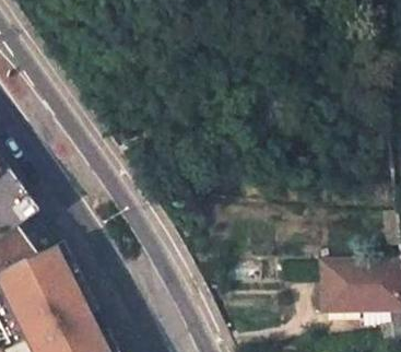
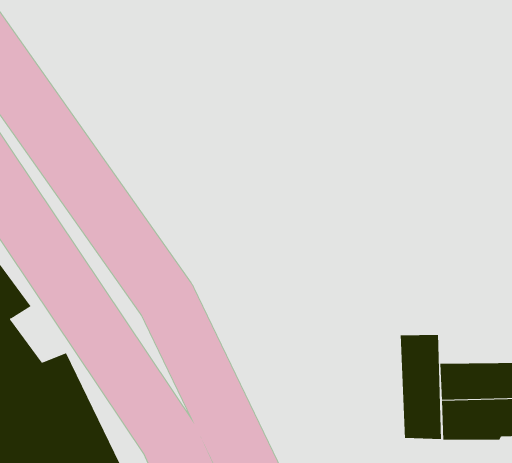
building: none -> [400,334,441,440]

